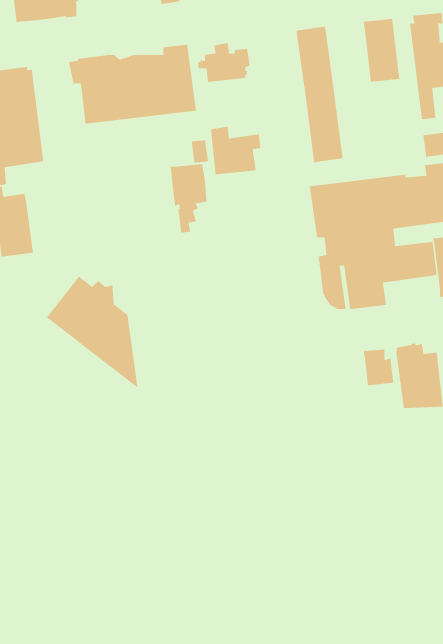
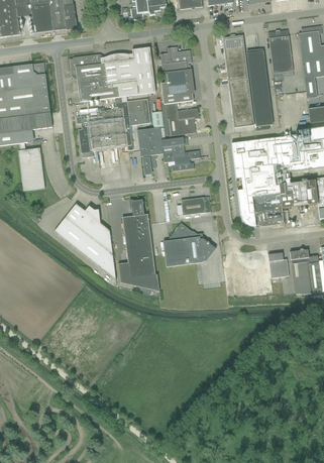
building: none -> [244,32,273,126]
building: none -> [160,70,194,104]
building: none -> [76,98,150,157]
building: none -> [161,137,200,170]
building: none -> [181,196,211,215]
building: none -> [118,199,159,291]
building: none -> [164,221,216,266]

